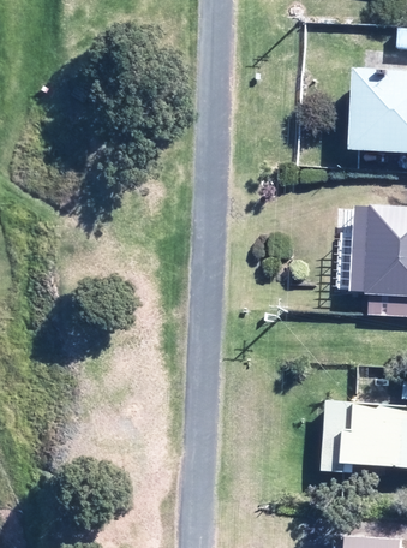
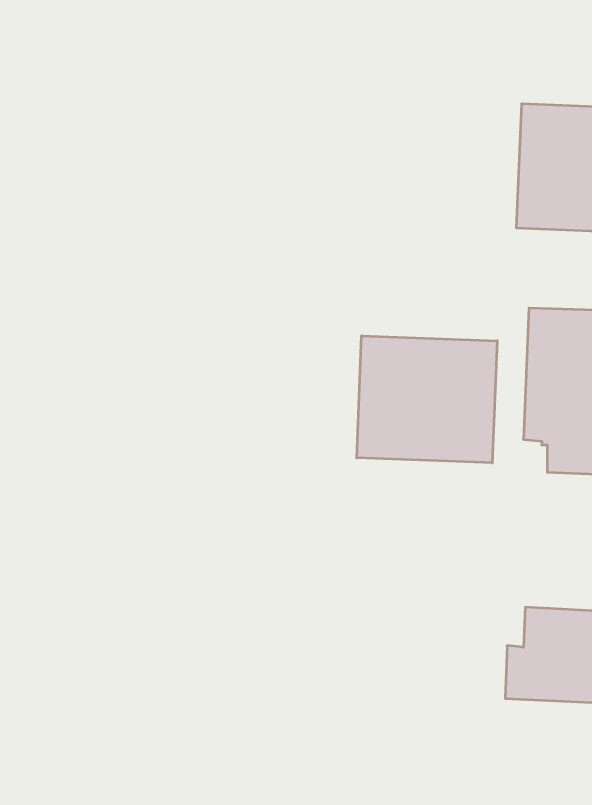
building: none -> [357,336,497,463]

